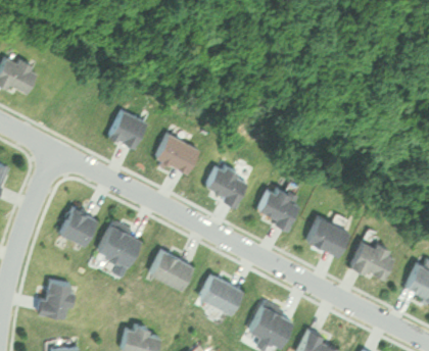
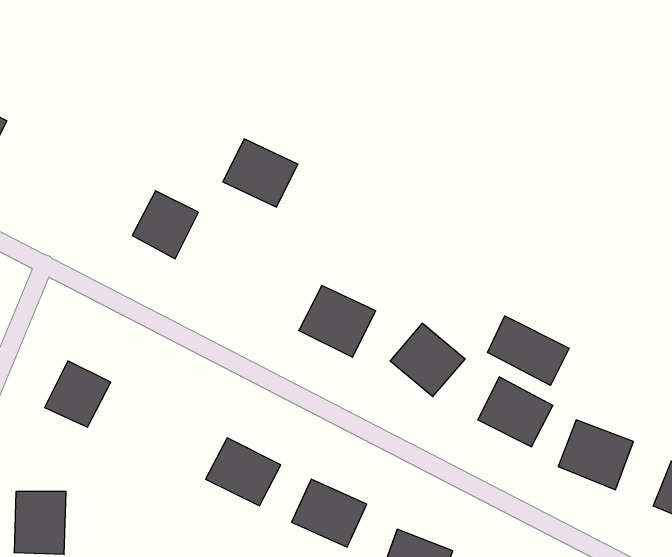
building: [155,135,198,173] -> [223,139,298,207]
building: none -> [488,316,569,385]
building: [97,222,142,267] -> none

